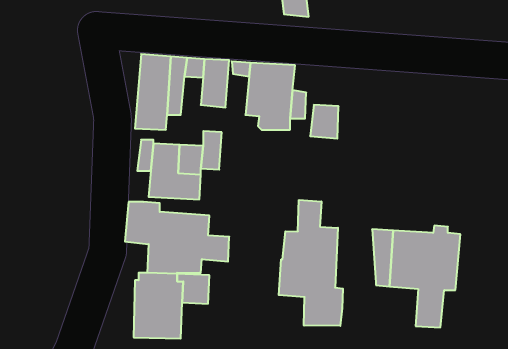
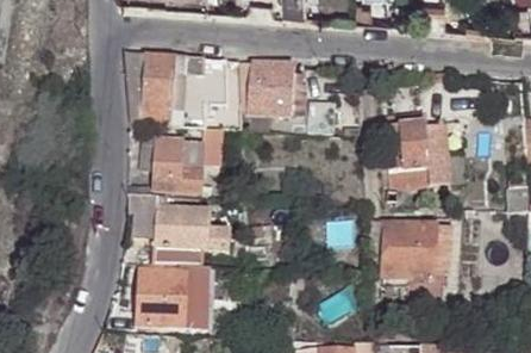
building: none -> [385,112,461,185]
building: [279,200,343,326] -> none

